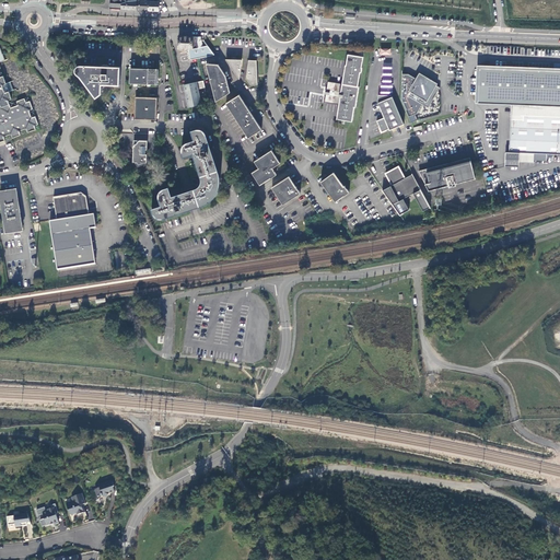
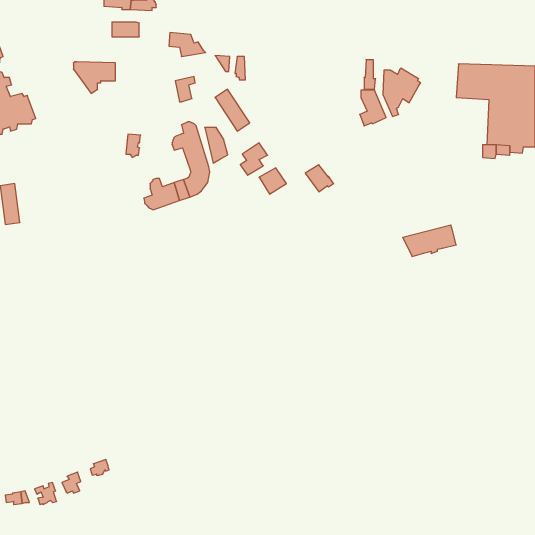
building: [324,54,362,120] -> none
building: [205,62,229,100] -> [205,127,228,163]
building: [129,68,158,83] -> [112,22,139,37]
building: [133,96,156,119] -> none
building: [418,158,474,190] -> [403,225,456,257]
building: [381,165,419,203] -> none
building: [49,195,95,271] -> none

